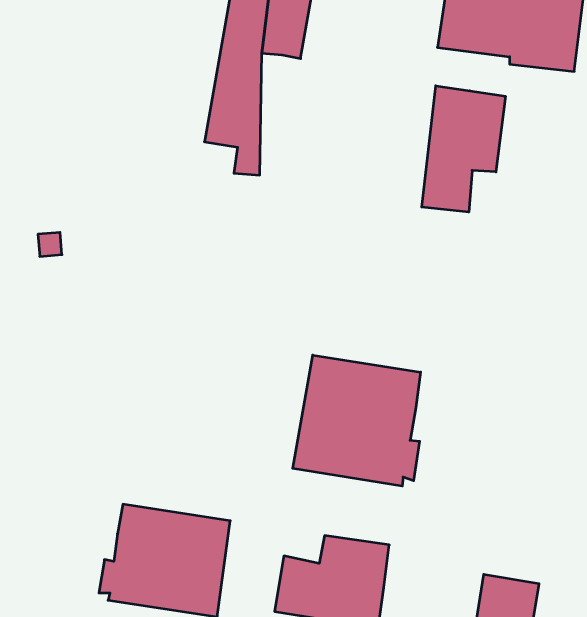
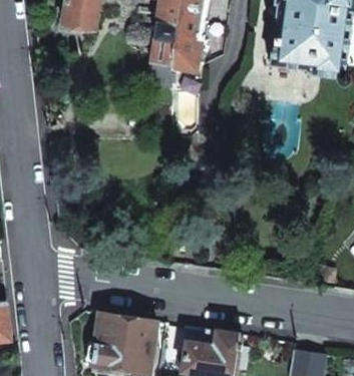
building: [422,86,505,212] -> none
building: [293,355,421,486] -> none

